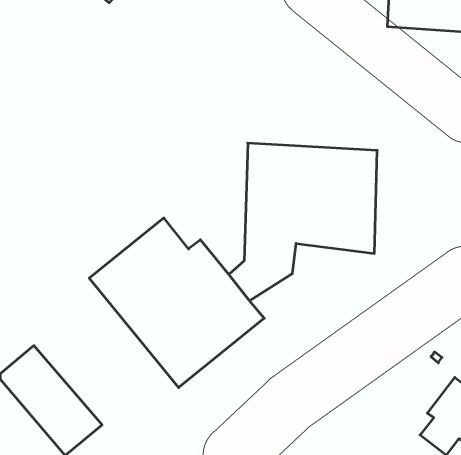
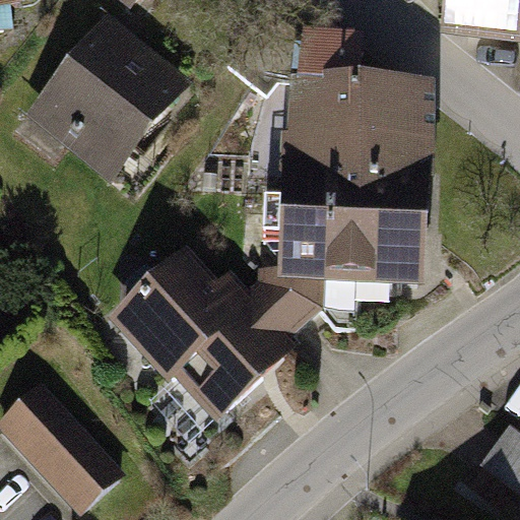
building: none -> [22,9,193,182]
building: none -> [281,23,431,168]

